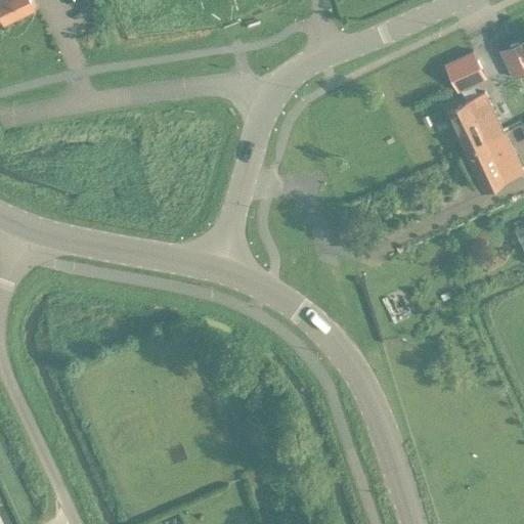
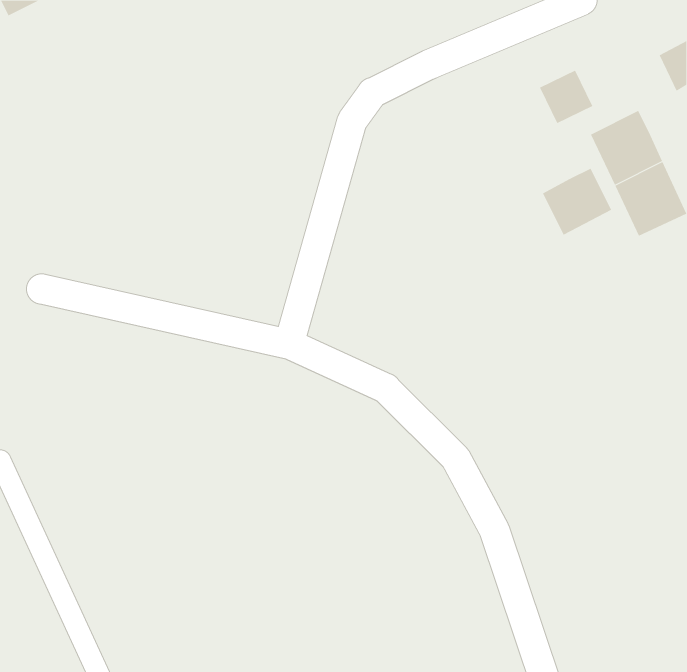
building: [446,53,487,94] -> [539,70,593,124]
building: none -> [542,168,612,236]

